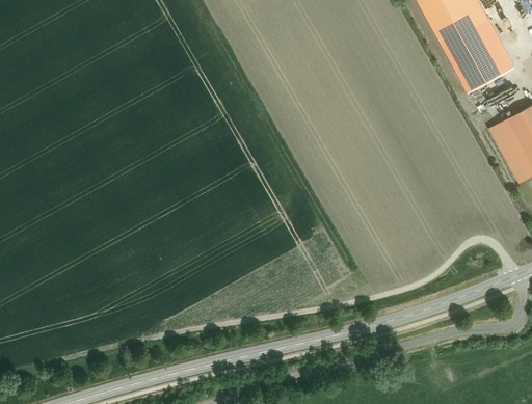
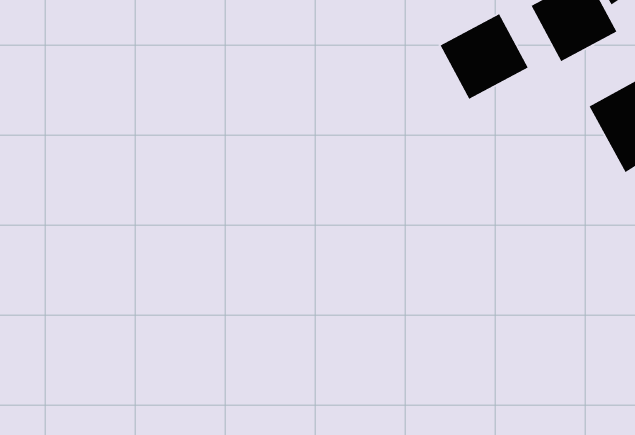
building: none -> [440,13,529,100]

